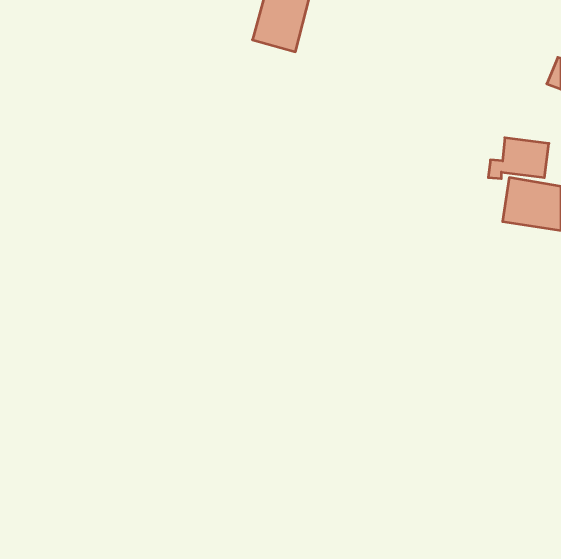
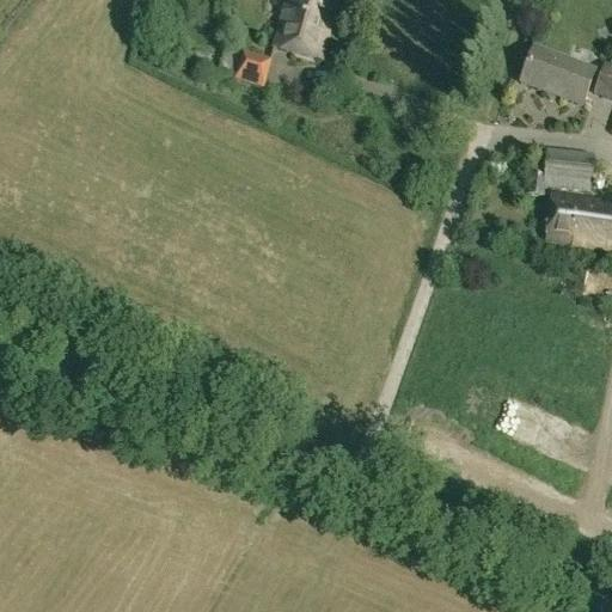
building: none -> [521,44,596,104]
building: none -> [234,51,271,86]

